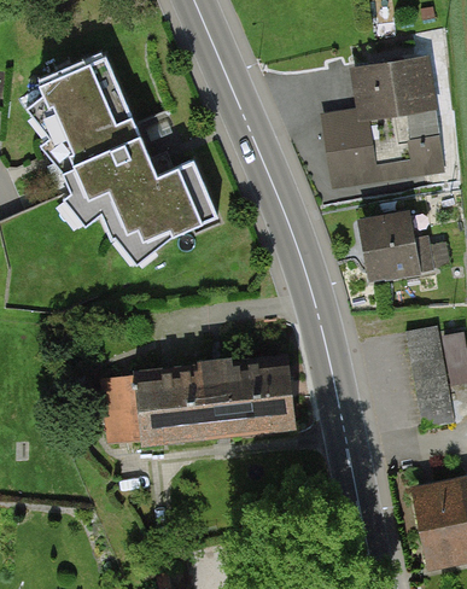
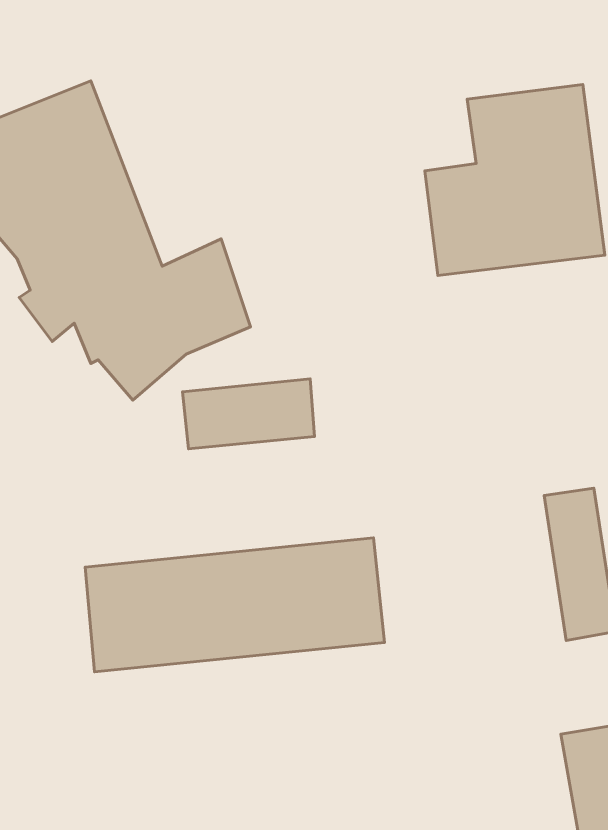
building: [364,212,424,278] -> none
building: none -> [183,379,314,449]

